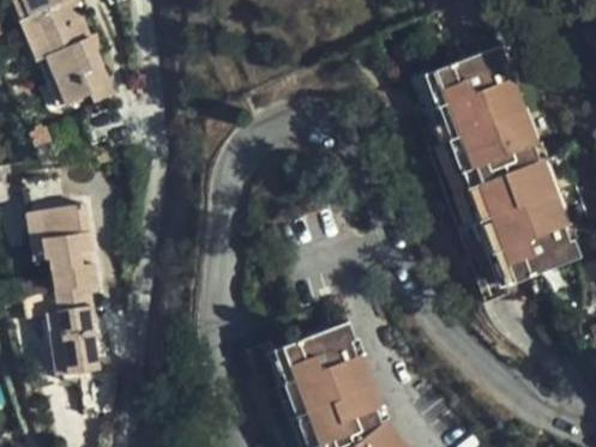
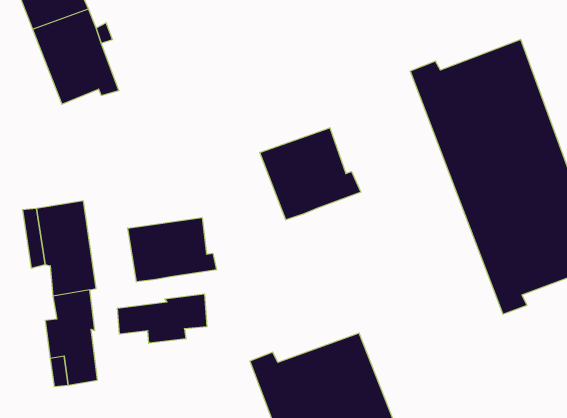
building: none -> [260,128,361,220]
building: none -> [128,218,217,282]
building: none -> [118,294,207,343]

